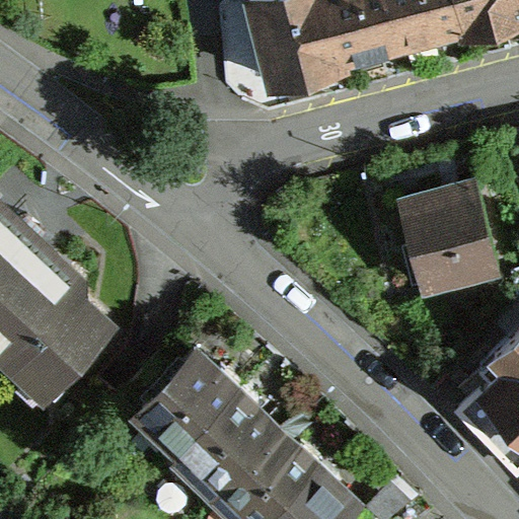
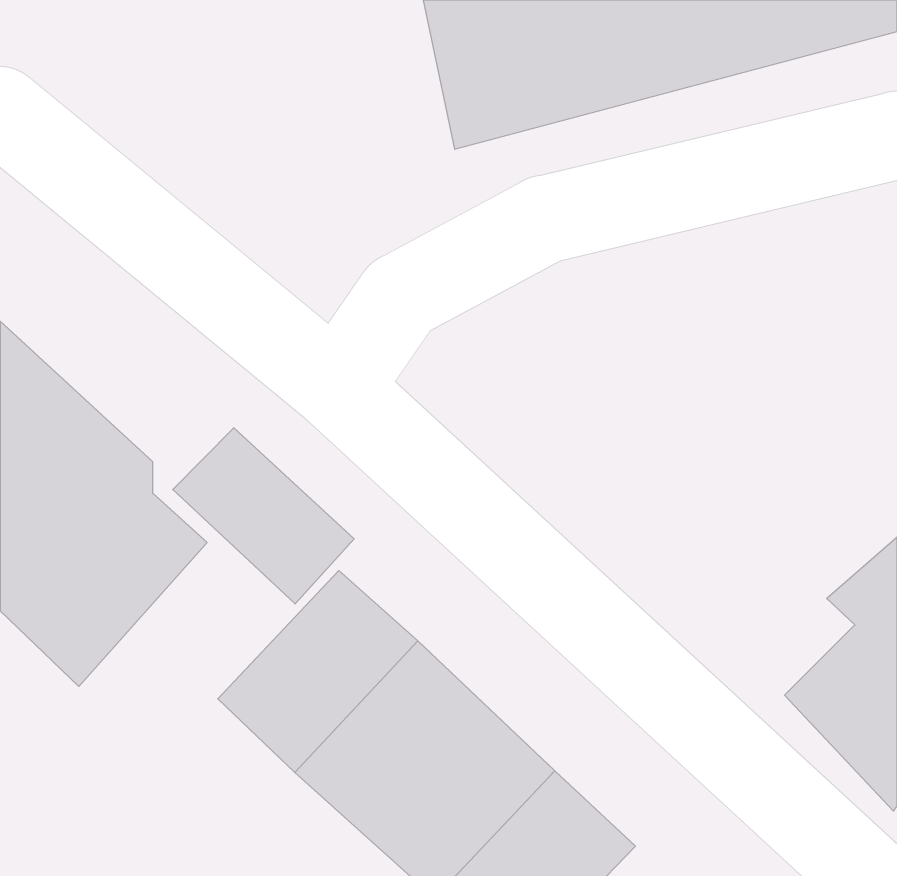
building: [395,181,499,296] -> none
building: none -> [173,428,354,604]

